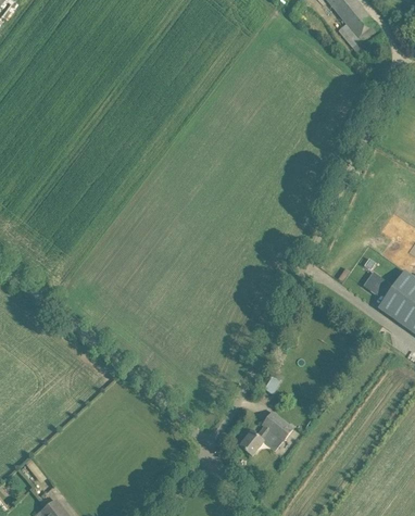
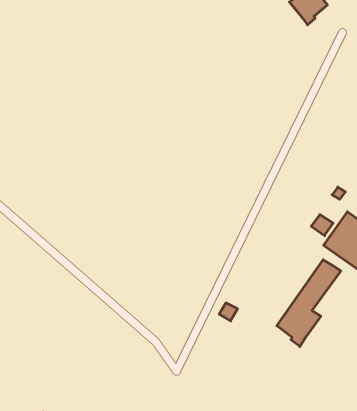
building: none -> [277,260,341,347]
building: [238,412,291,456] -> none

